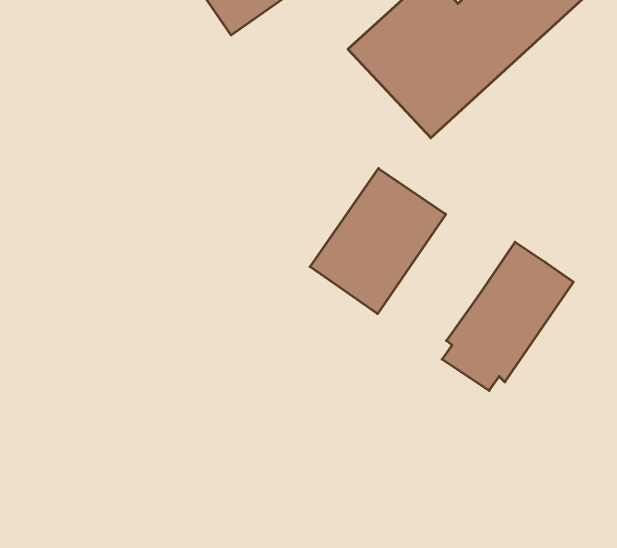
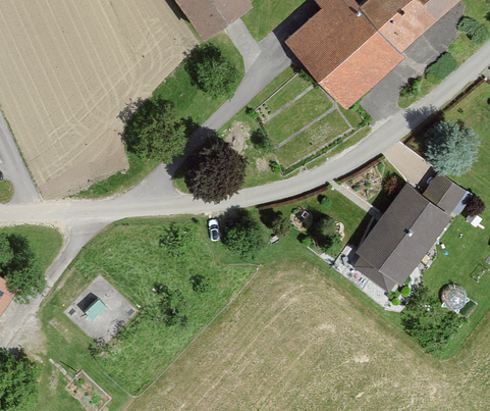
building: [310,168,446,314] -> none
building: none -> [426,178,469,218]

